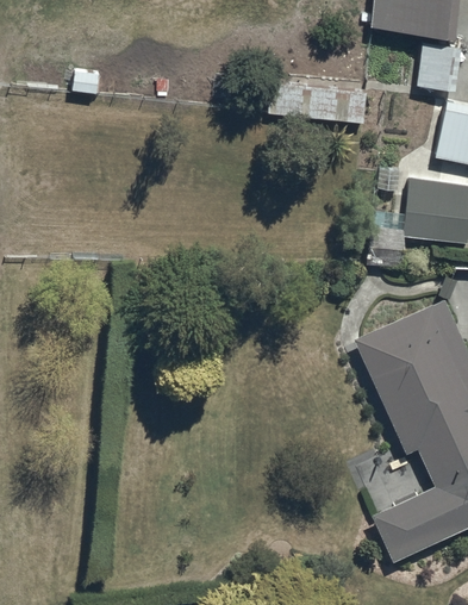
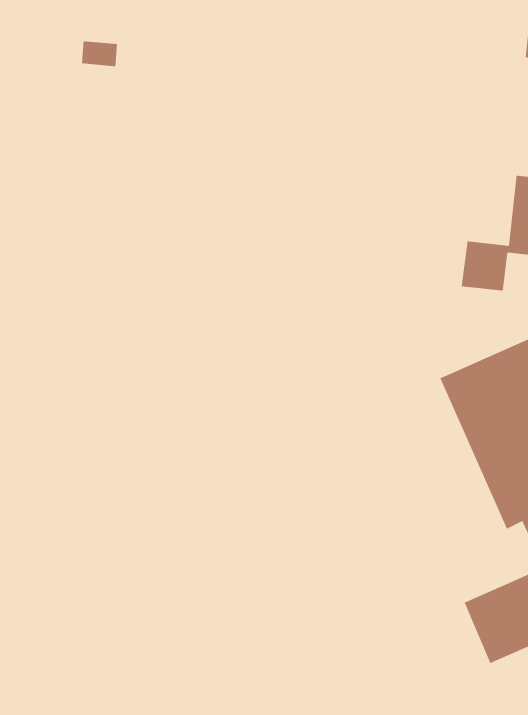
building: [264,82,363,123] -> none

